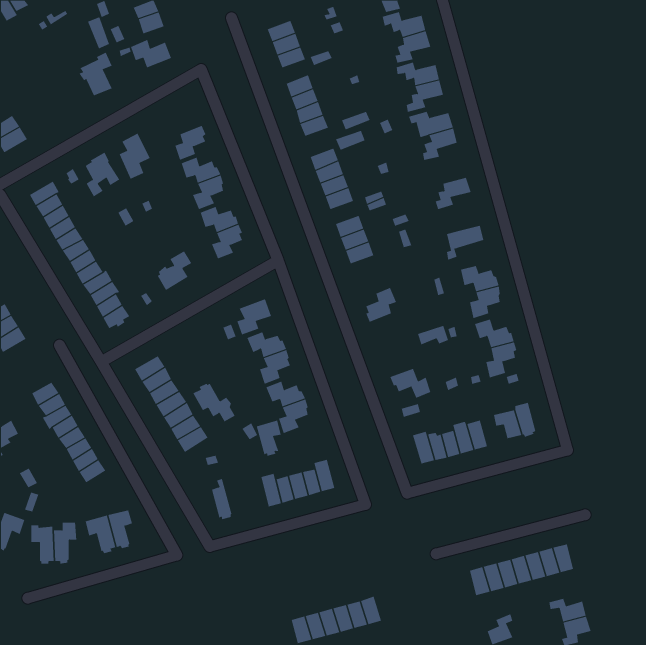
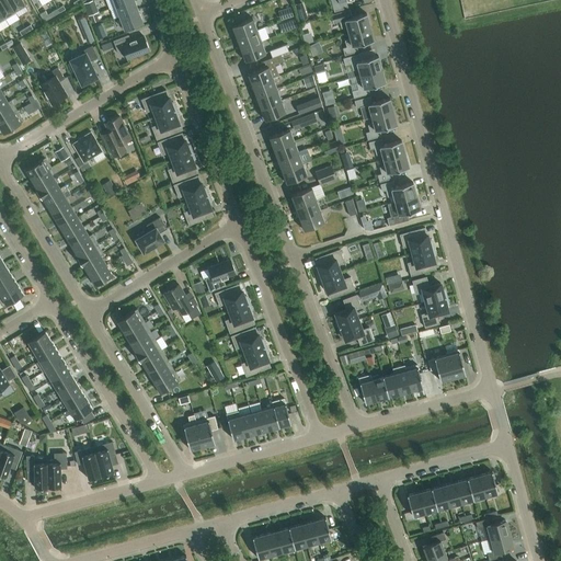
building: none -> [41,68,67,106]
building: none -> [140,94,175,117]
building: none -> [368,139,404,160]
building: none -> [379,182,416,202]
building: none -> [320,273,354,296]
building: none -> [335,295,362,328]
building: [193,383,235,422] -> [163,286,201,320]
building: [254,419,282,456] -> [193,415,217,448]

